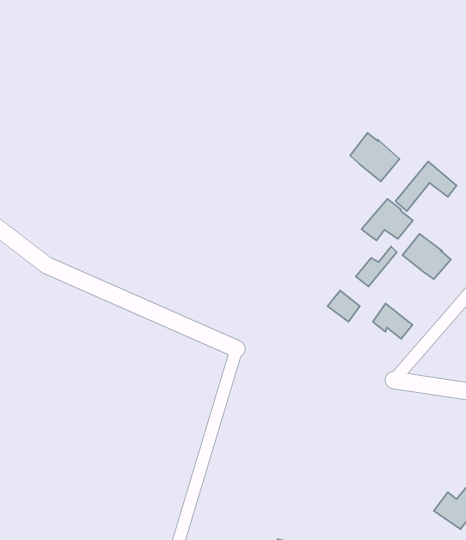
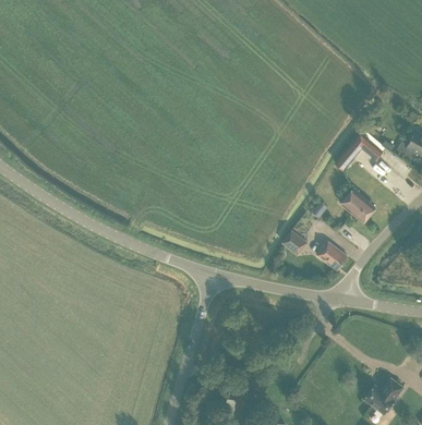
building: [350,133,400,182] -> none
building: [361,199,413,241] -> none

